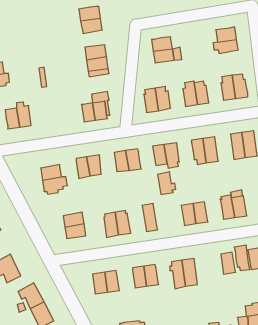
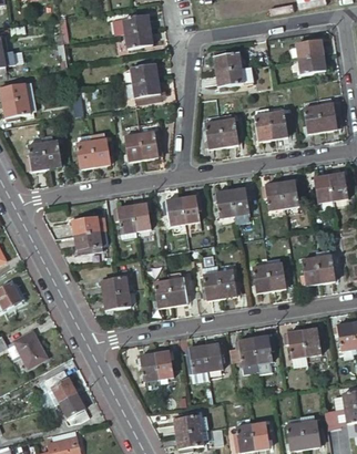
building: none -> [75,134,109,169]
building: [158,172,176,194] -> [217,270,241,299]
building: [234,245,250,271] -> [287,330,307,362]

